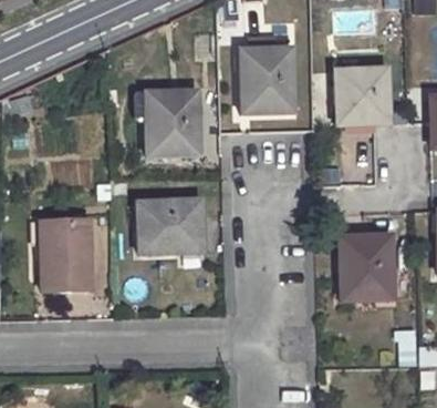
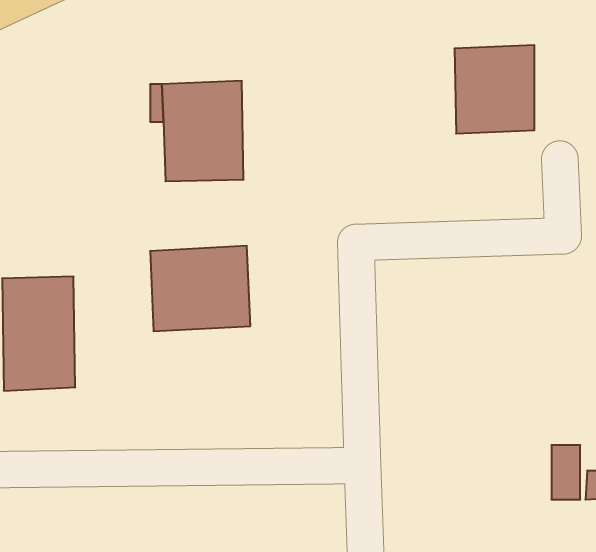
building: [242,48,295,113] -> none
building: [341,235,394,299] -> none

